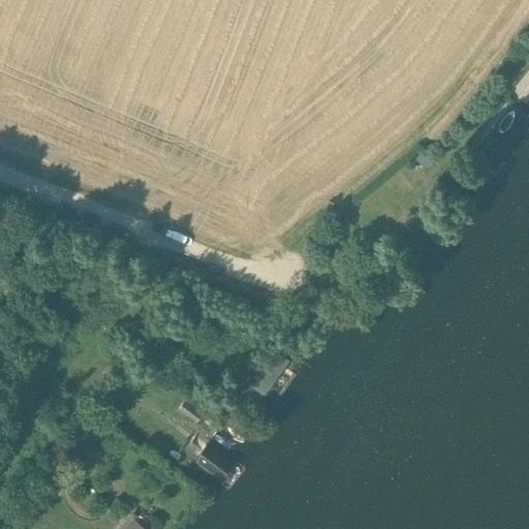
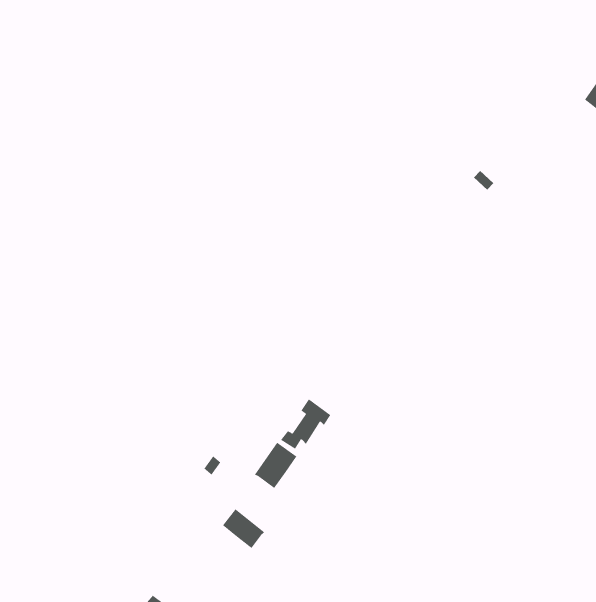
building: none -> [254,442,297,489]

